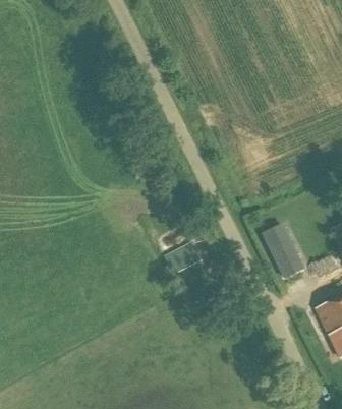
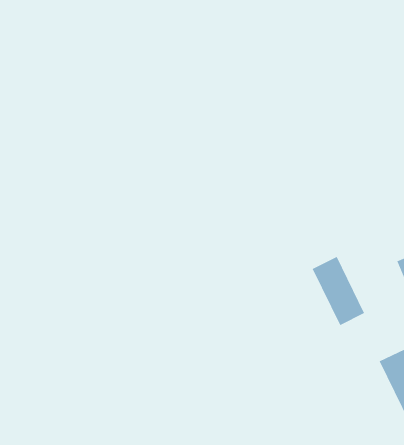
building: [164,239,203,274] -> none

